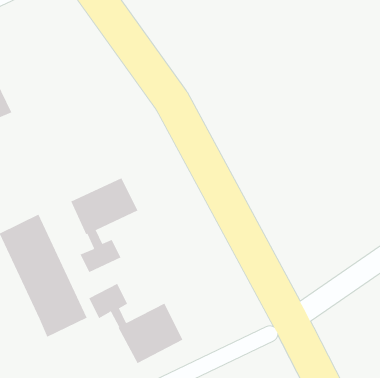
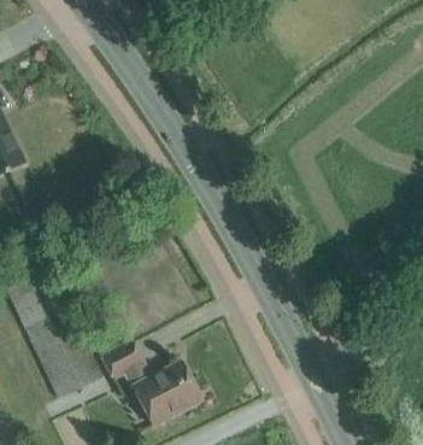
building: [71,177,138,273] -> none

